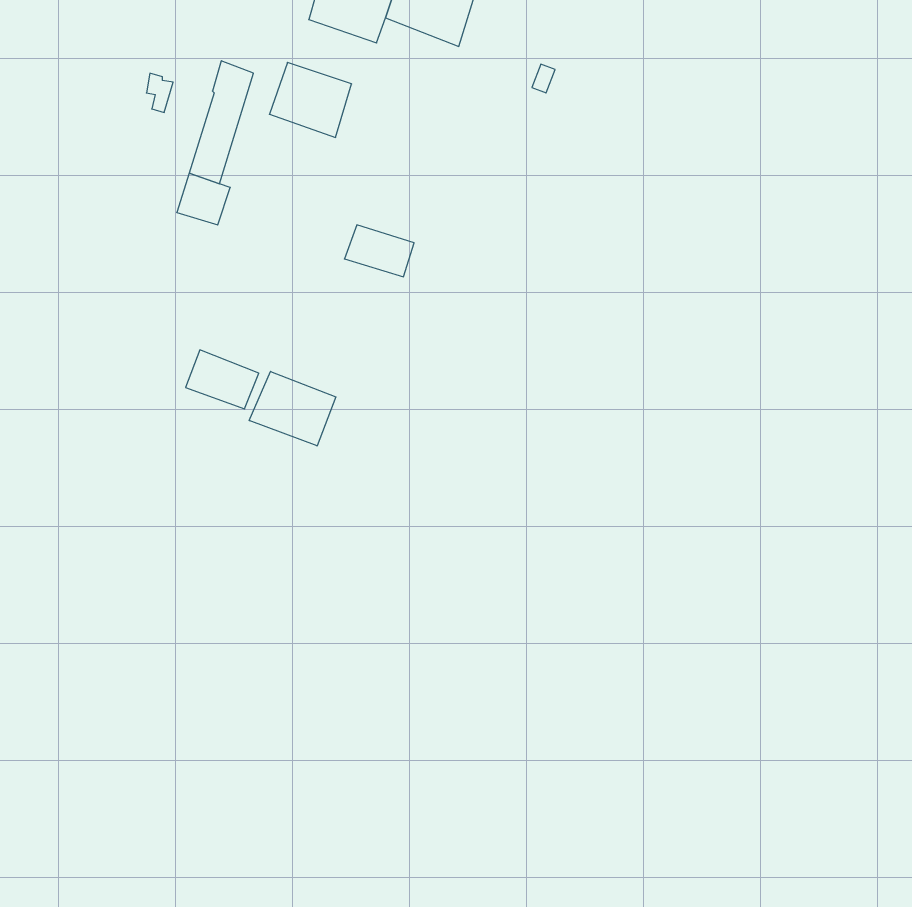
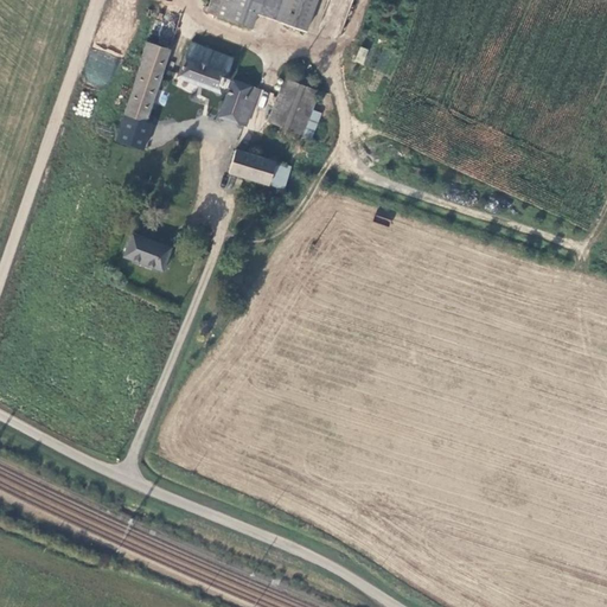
building: none -> [224,75,255,123]
building: none -> [267,78,319,134]
building: [249,371,336,446] -> none

